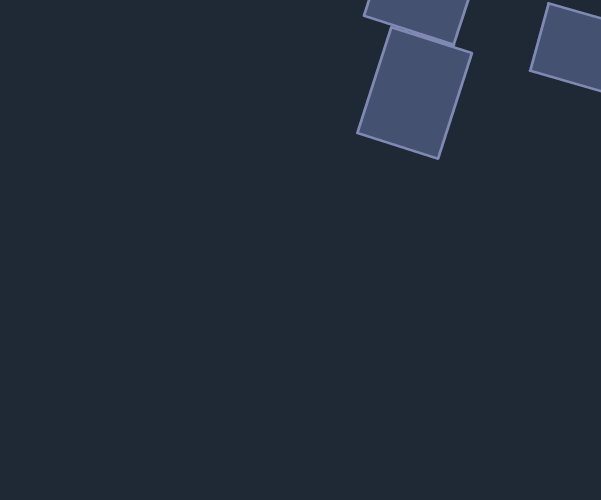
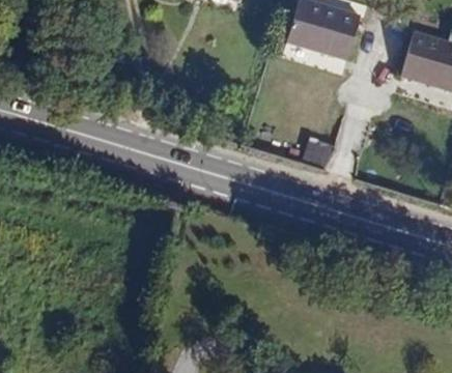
building: [357,27,472,159] -> none

